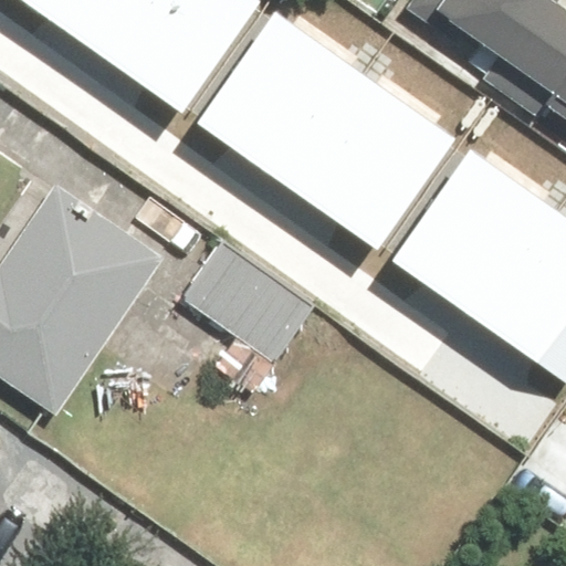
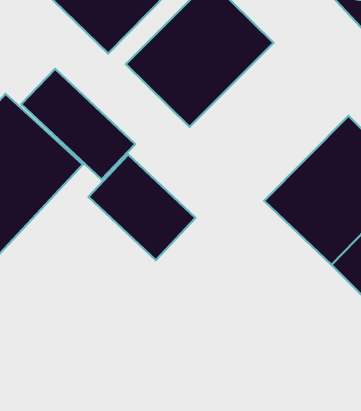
building: [286,71,458,250] -> none
building: none -> [21,69,135,180]

